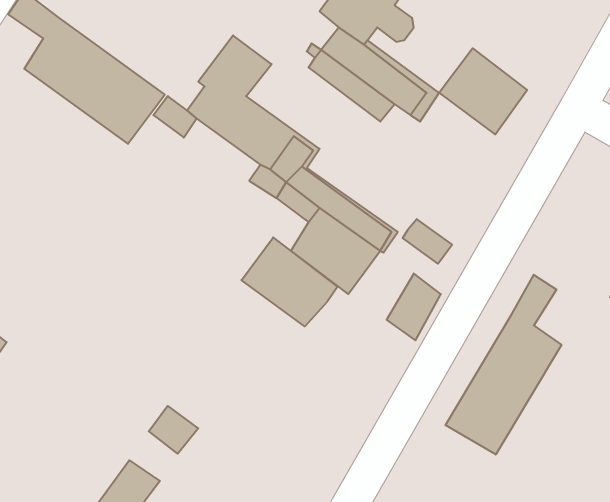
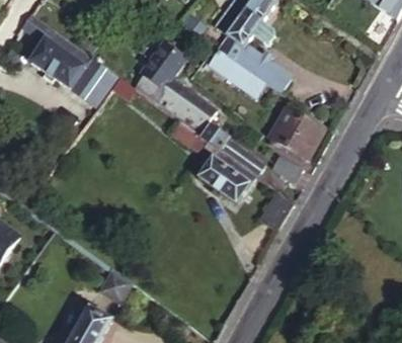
building: [439,48,527,134] -> [266,103,322,158]
building: [241,237,338,326] -> none
building: [446,275,561,455] -> none

